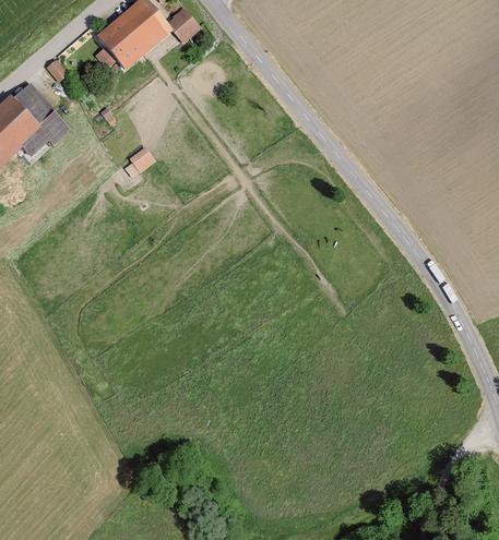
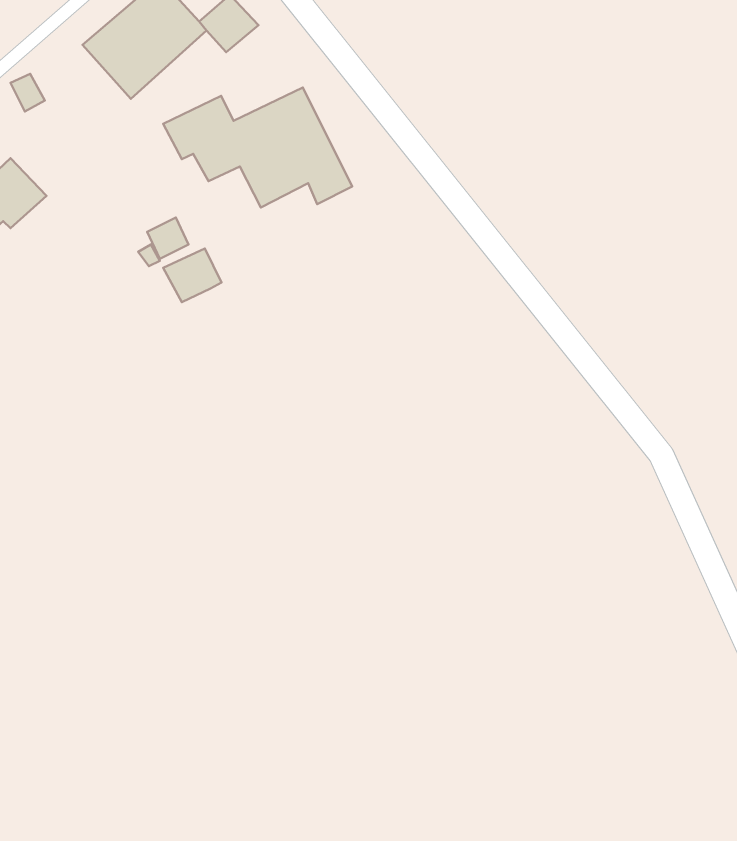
building: none -> [163,87,352,208]
building: none -> [163,249,222,302]

